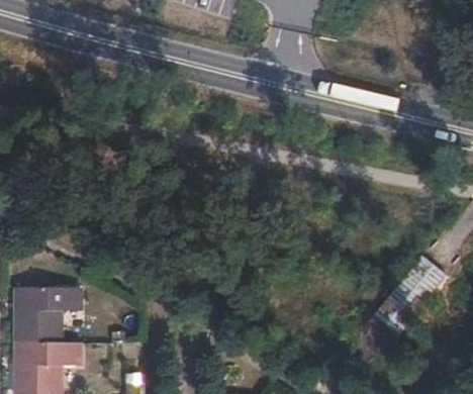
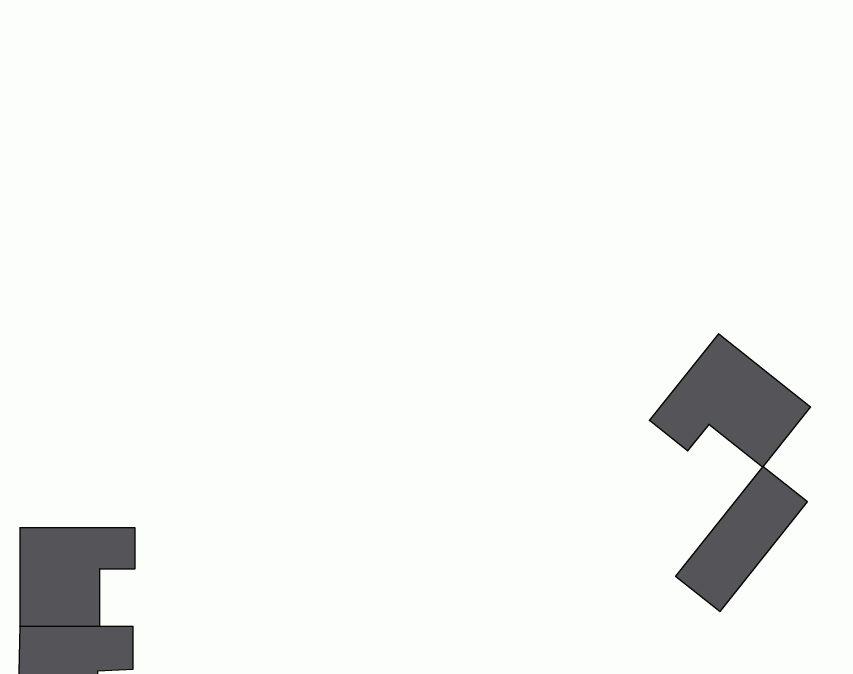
building: none -> [649,334,810,467]

